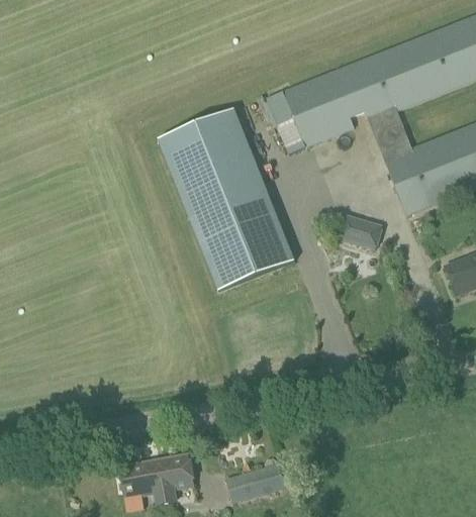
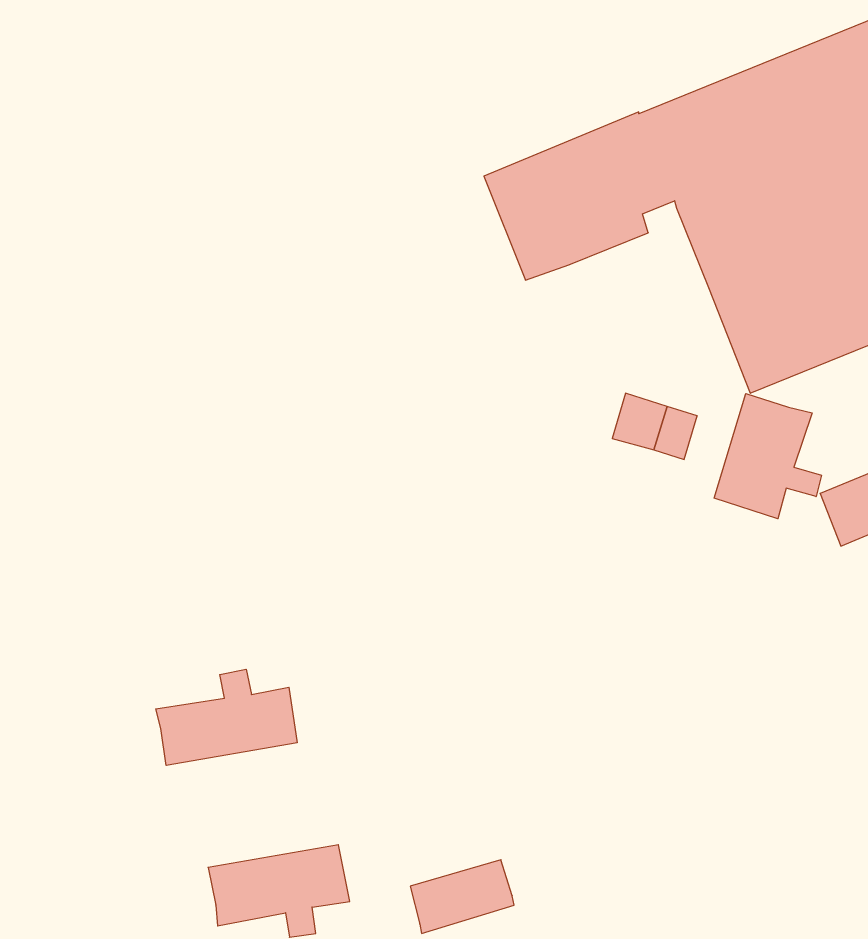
building: [165,111,290,289] -> none
building: none -> [714,394,822,519]
building: none -> [156,669,297,765]

